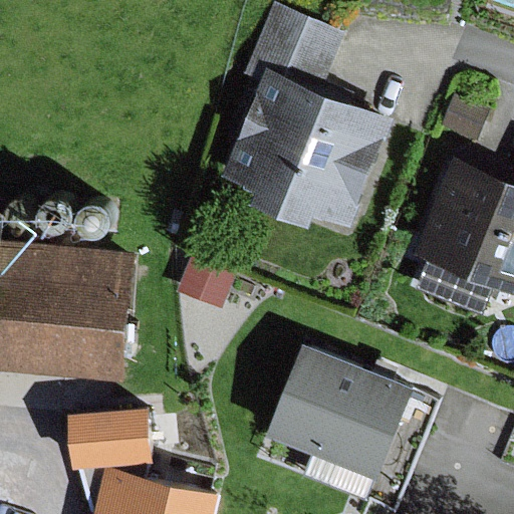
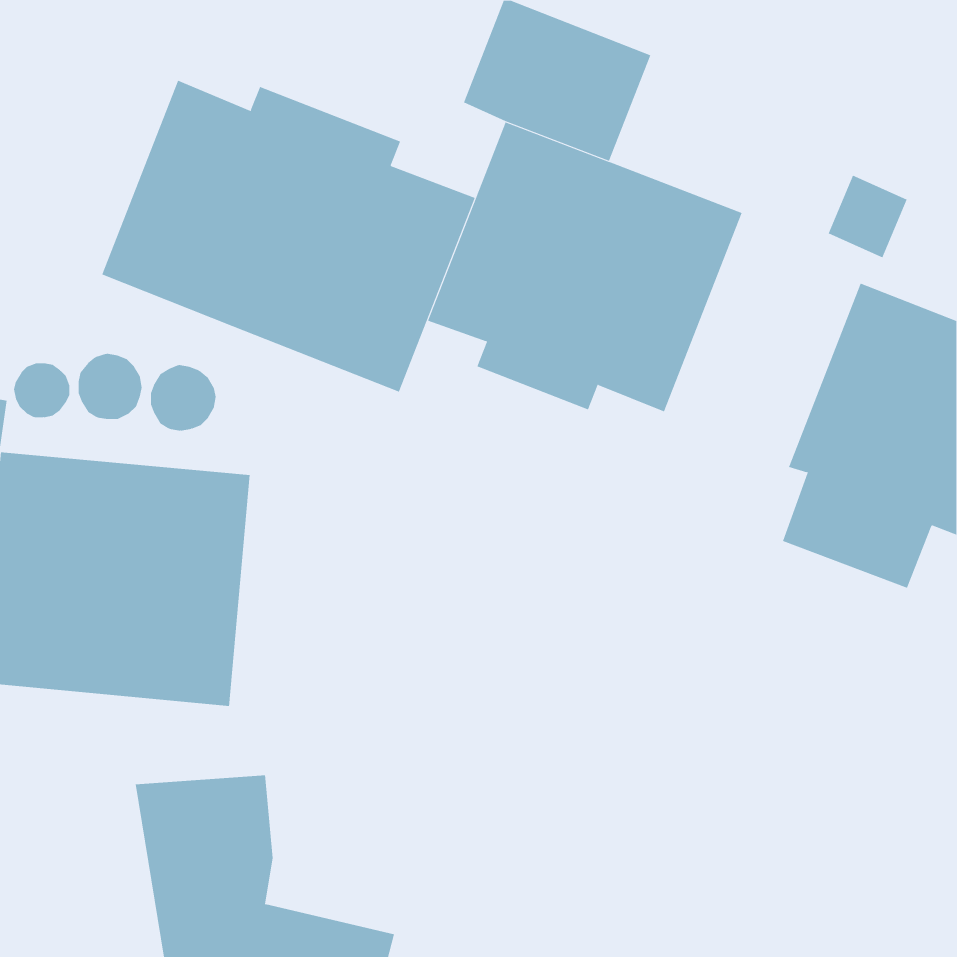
building: none -> [102,80,475,393]
building: [267,342,413,477] -> none

